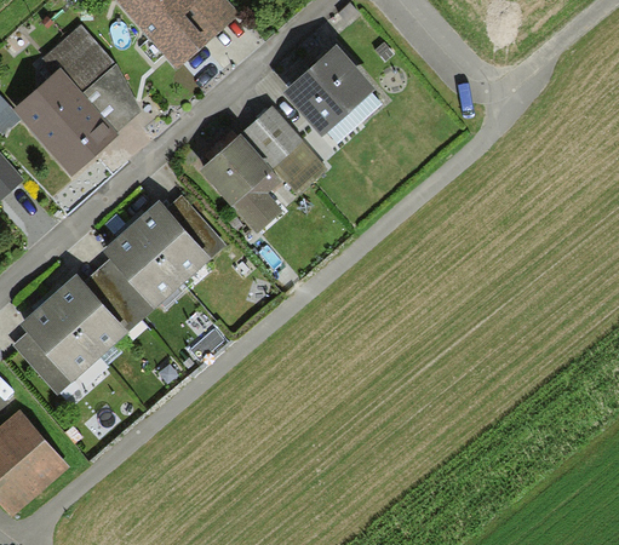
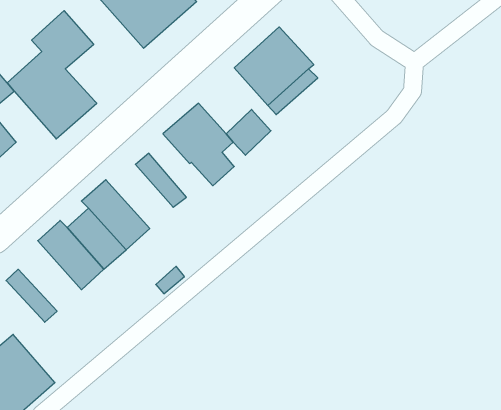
building: [81,64,141,132] -> none
building: [240,107,303,171] -> none
building: [130,200,210,283] -> none
building: [19,298,101,382] -> none

